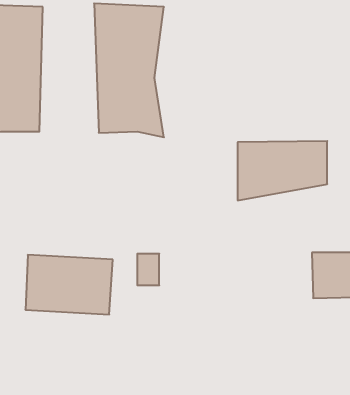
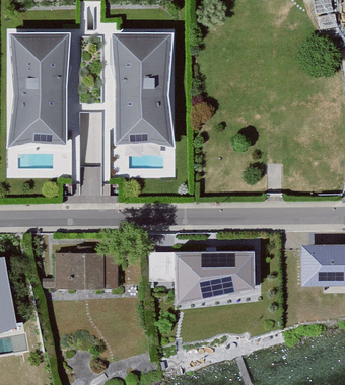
building: [238,141,327,200] -> [176,251,254,303]

